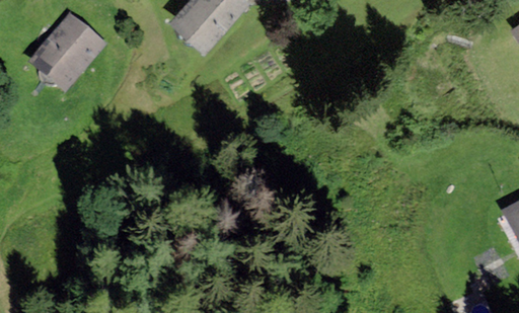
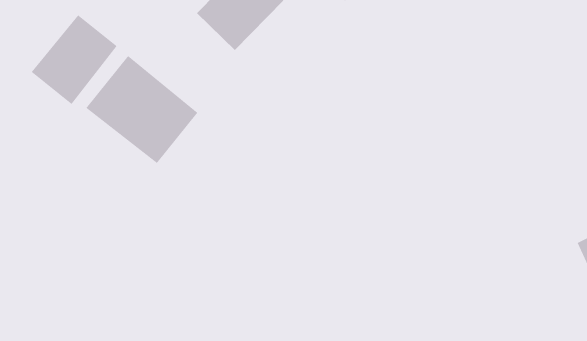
building: none -> [86,55,198,164]

